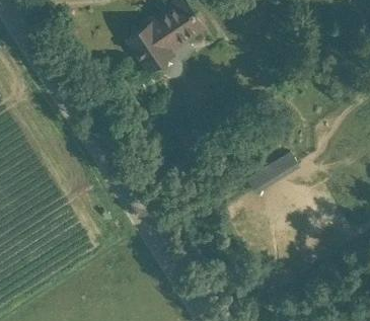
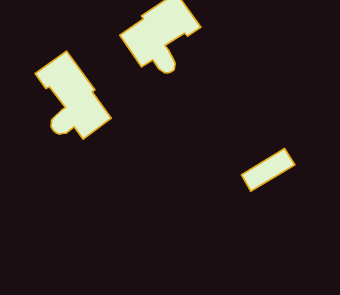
building: none -> [35,51,111,139]

